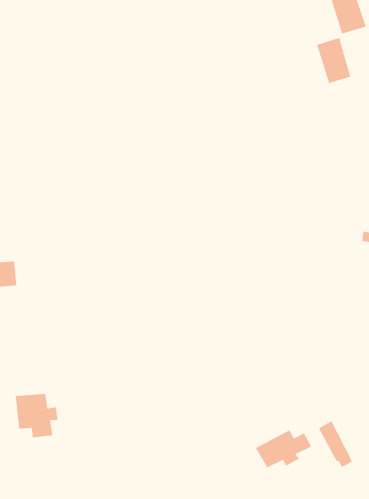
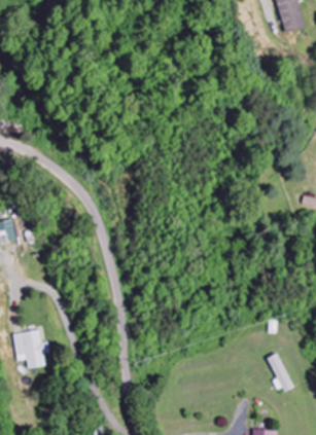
building: [317,37,351,84] -> none
building: [255,429,312,468] -> none

